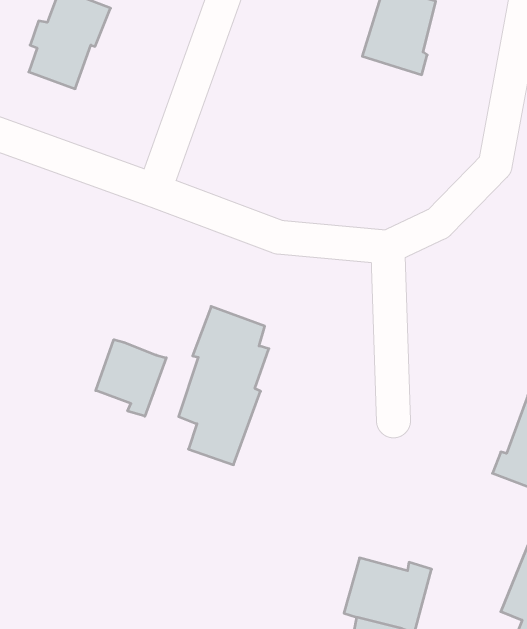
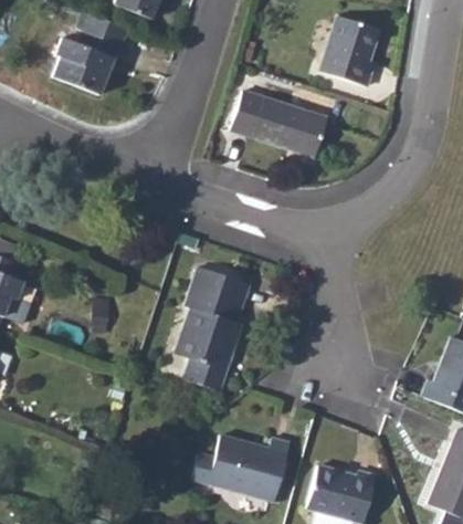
building: none -> [232,94,326,158]
building: [96,340,166,416] -> none
building: none -> [193,430,290,495]

